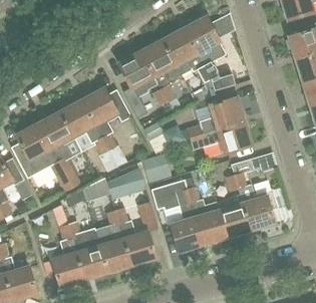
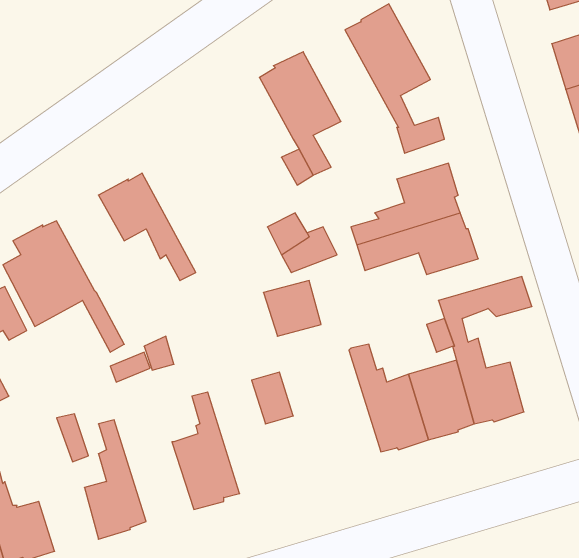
building: [163,28,211,81] -> none
building: [118,52,157,116] -> none
building: [81,87,130,150] -> none
building: [38,111,80,187] -> none
building: [108,168,146,199] -> none
building: [151,180,202,249] -> none
building: [114,208,154,262] -> none
building: [67,222,107,276] -> none

